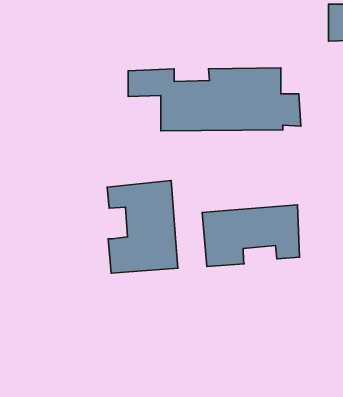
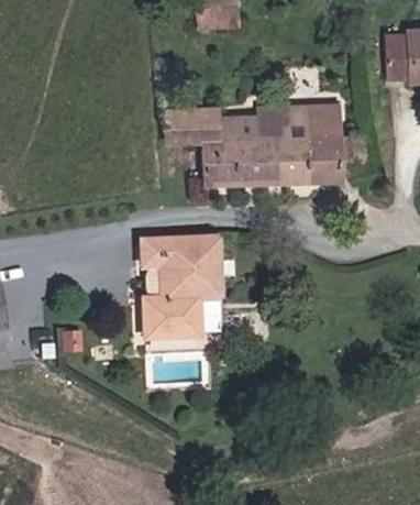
building: [202,205,300,267] -> none

